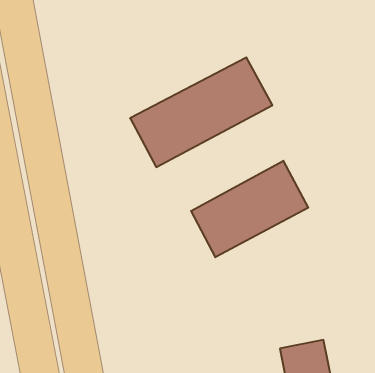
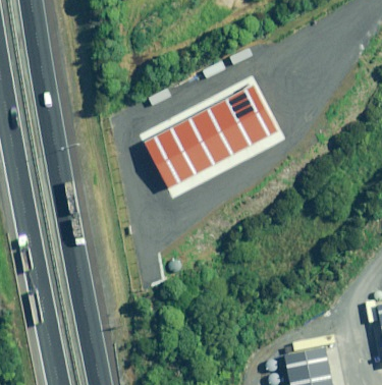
building: [191,161,308,257] -> none

